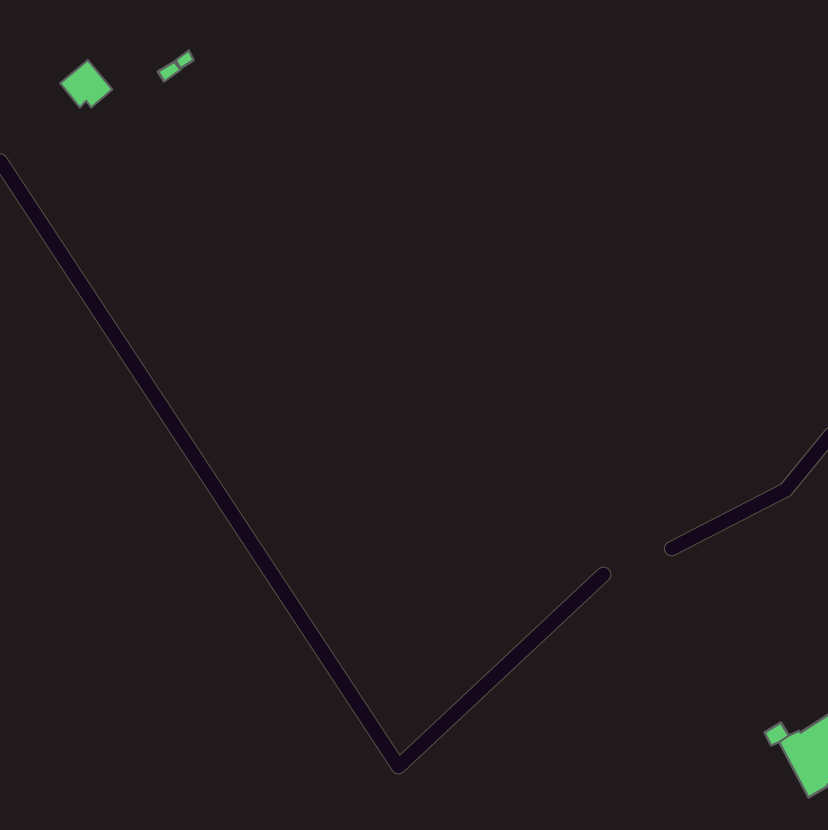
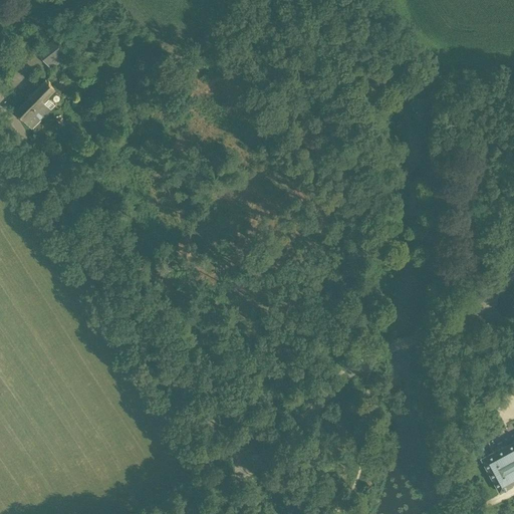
building: none -> [17,81,57,130]

